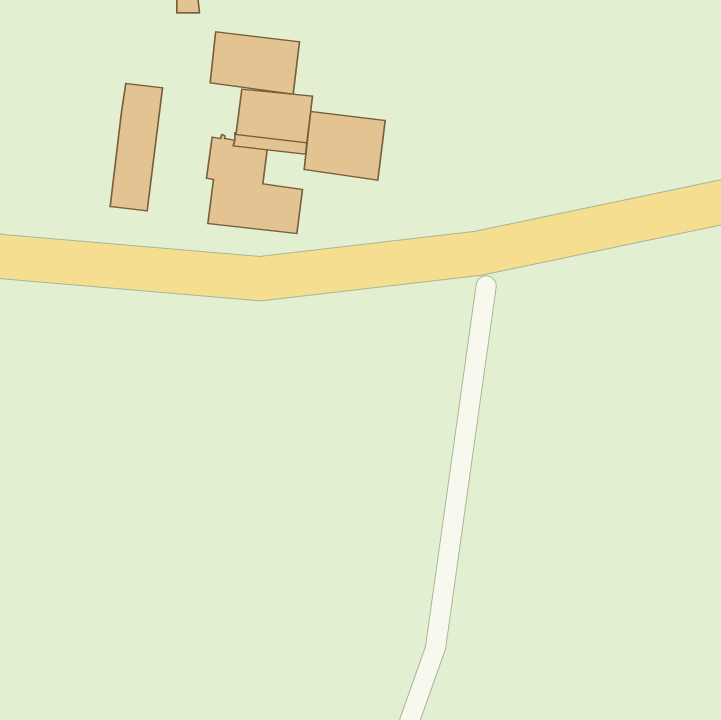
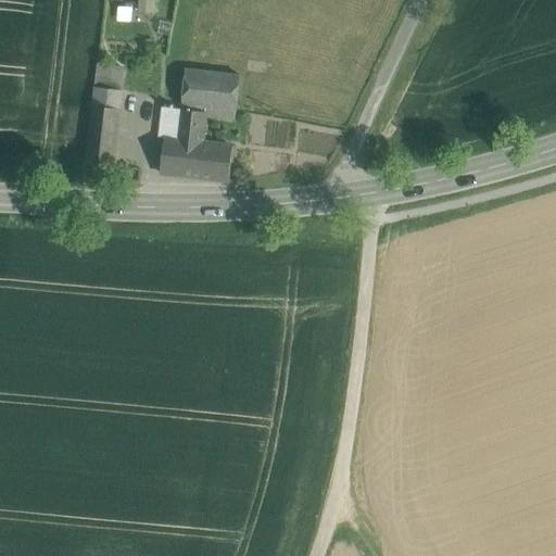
building: [210,32,300,94] -> none
building: [304,111,385,180] -> none

